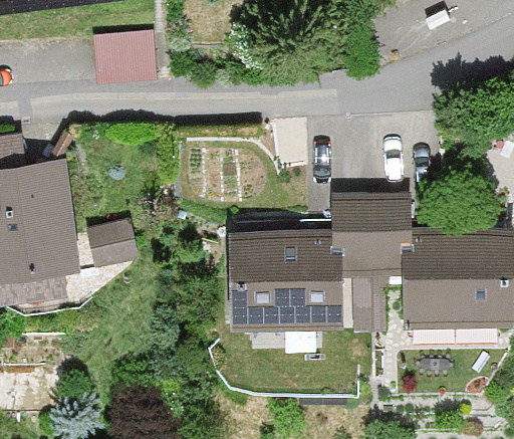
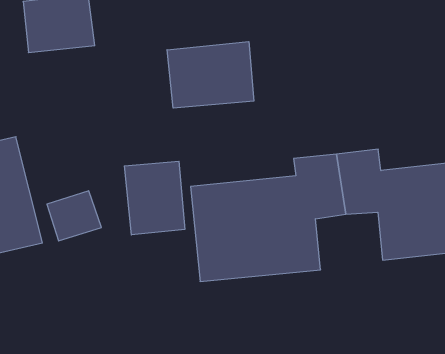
building: none -> [167,42,254,108]
building: none -> [124,161,185,235]

